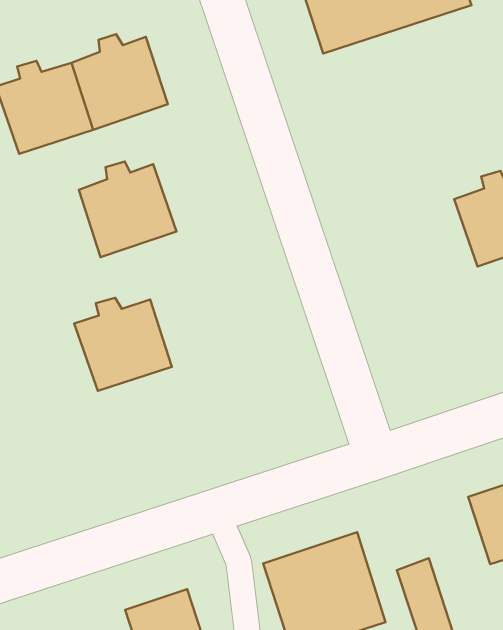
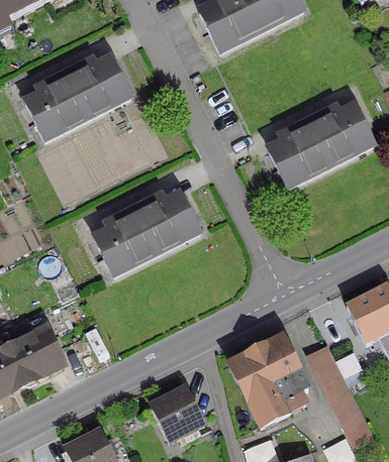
building: [79,162,177,257] -> [136,193,199,253]
building: none -> [268,127,330,187]

